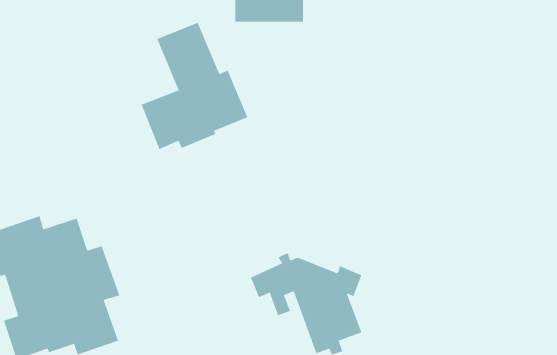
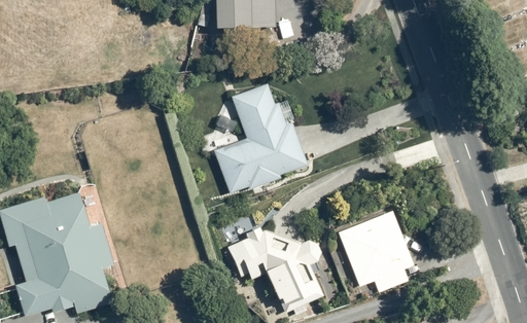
building: [141,22,248,150] -> [215,81,308,191]
building: none -> [336,209,414,290]

